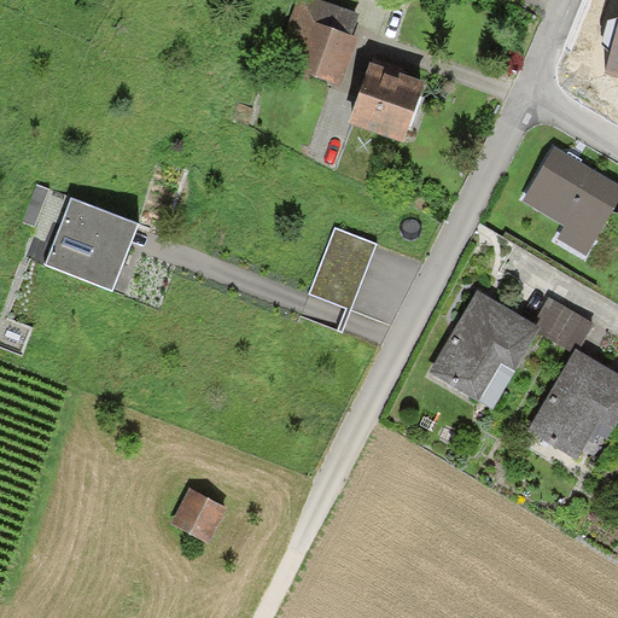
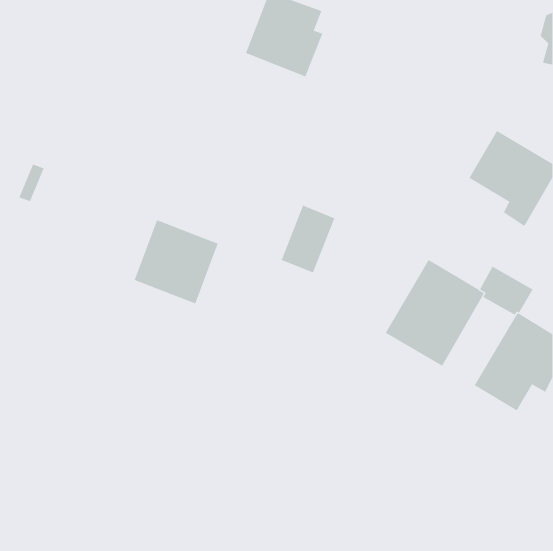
building: [349,62,425,140] -> none
building: [43,197,138,291] -> [134,220,218,304]
building: [170,486,226,542] -> none

